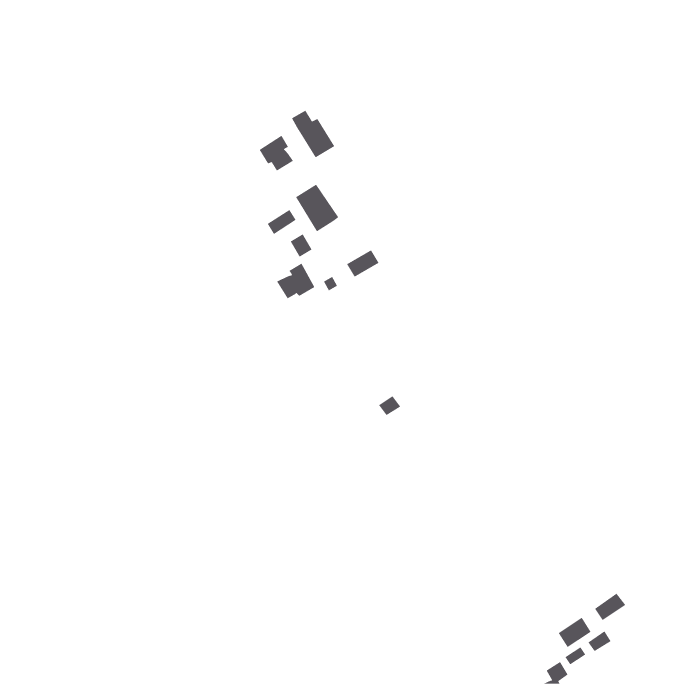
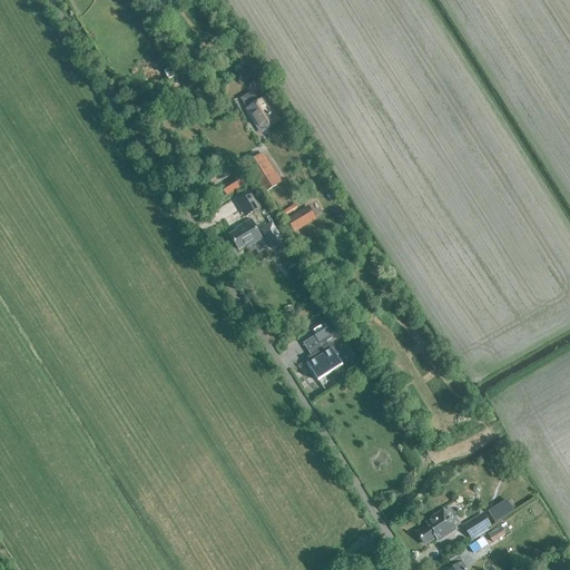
building: [259,135,294,171] -> none
building: none -> [305,344,344,382]
building: none -> [416,511,456,544]

